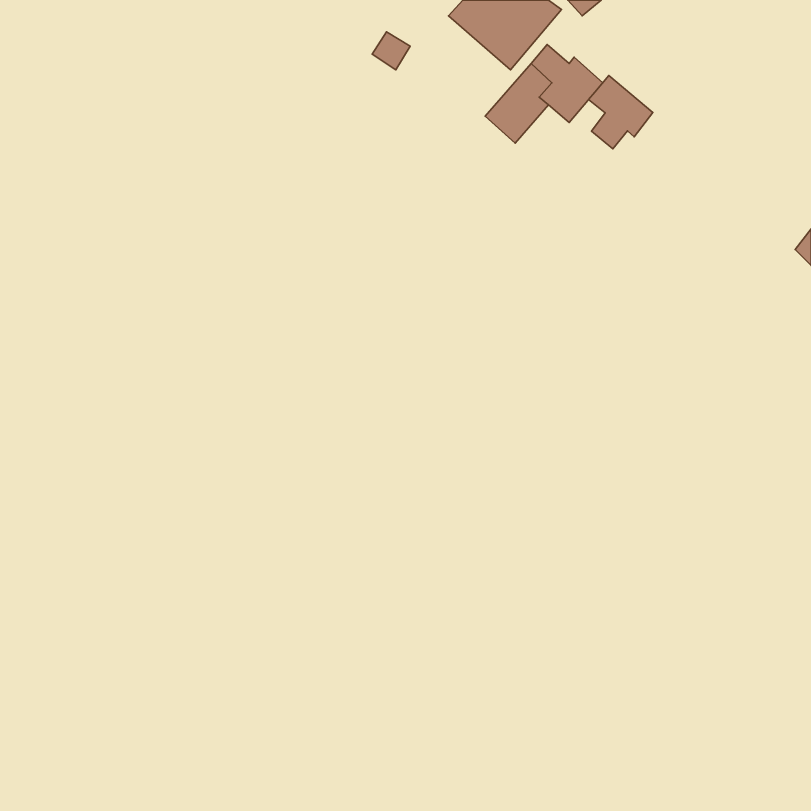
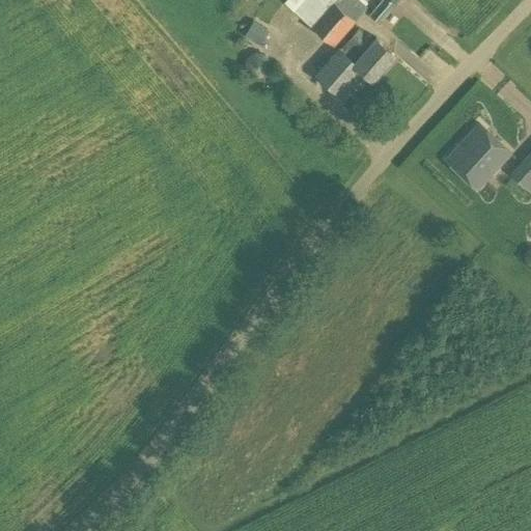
building: [589,75,653,149] -> none
building: none -> [445,124,509,190]

